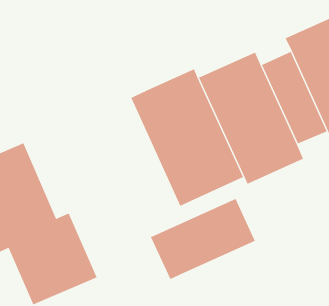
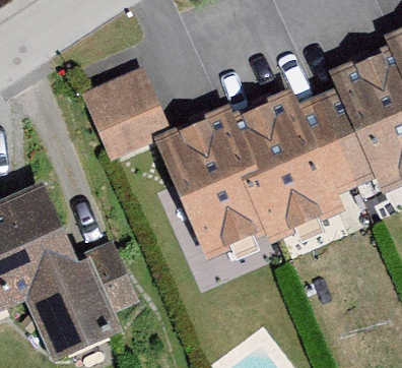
building: none -> [86,66,176,166]
building: [150,198,256,280] -> none

